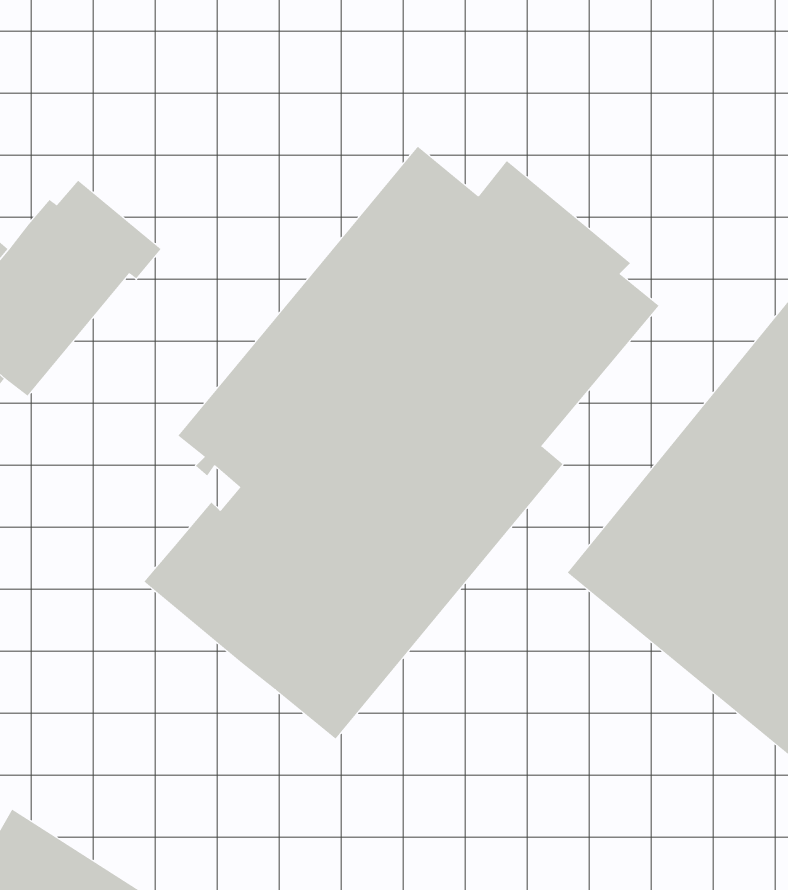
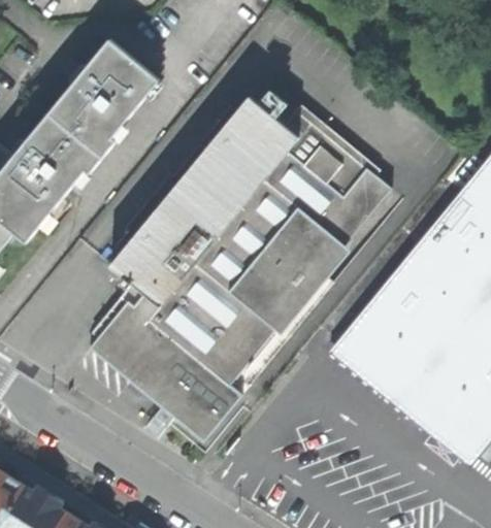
building: none -> [54,39,157,155]

